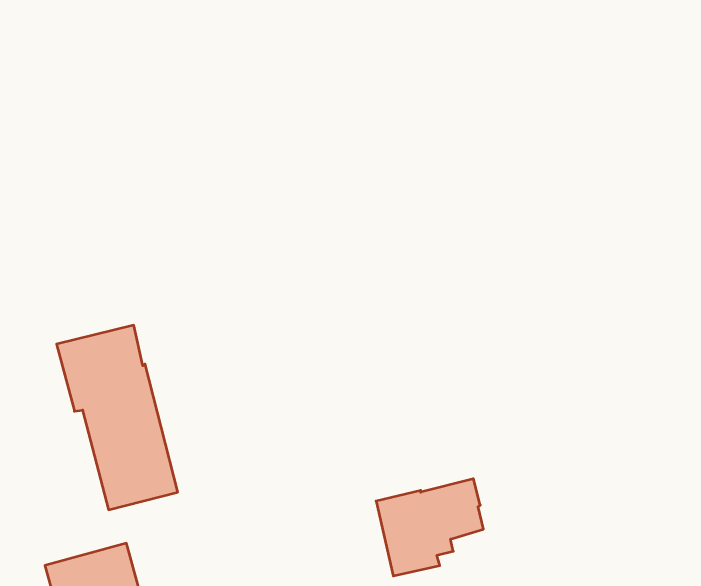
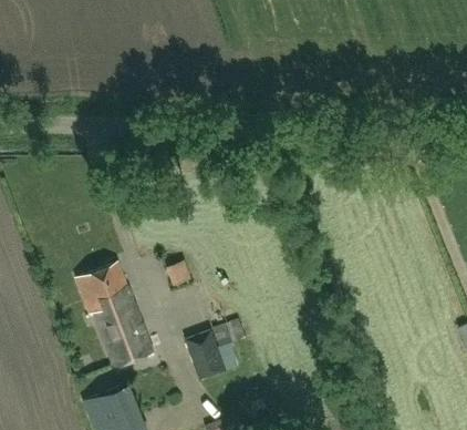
building: [376,479,483,576] -> [185,321,247,381]

